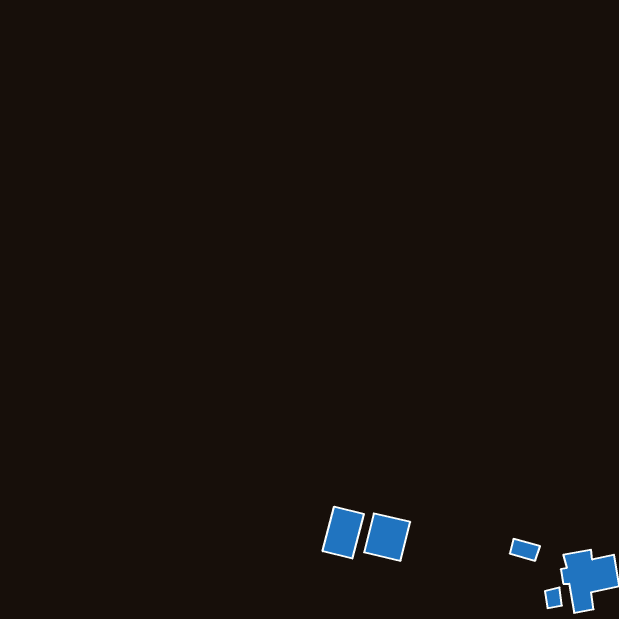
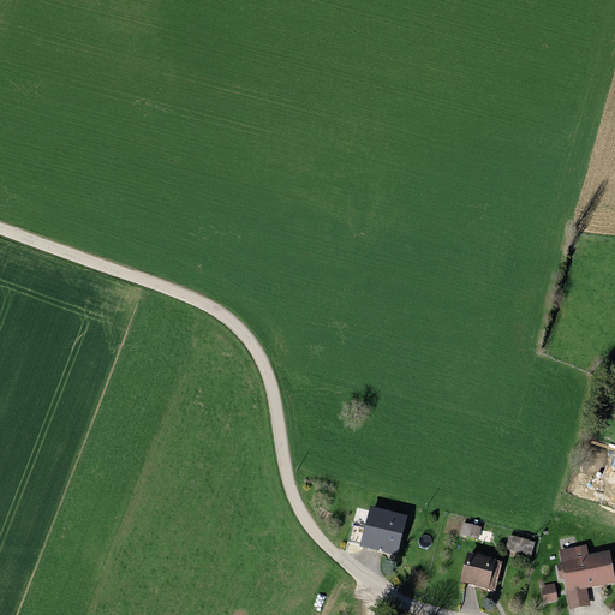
building: [323,507,364,559] -> none
building: none -> [461,553,502,589]

